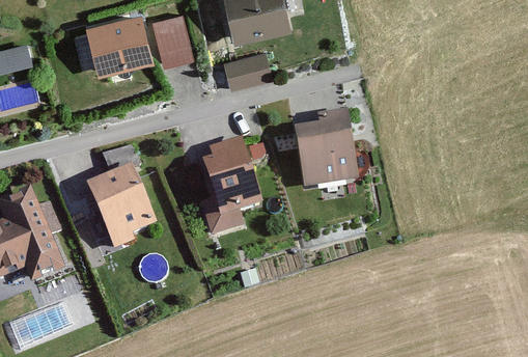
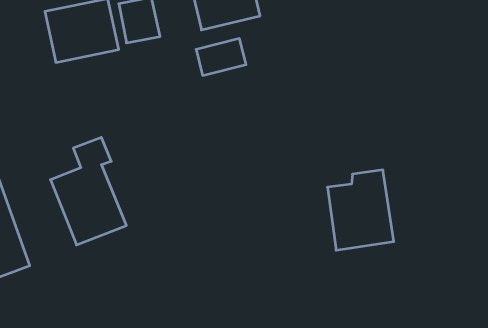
building: [293,111,356,188] -> [327,170,394,250]
building: [197,137,263,235] -> none

